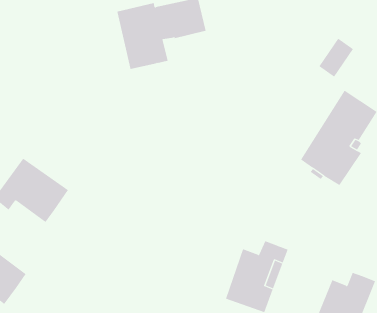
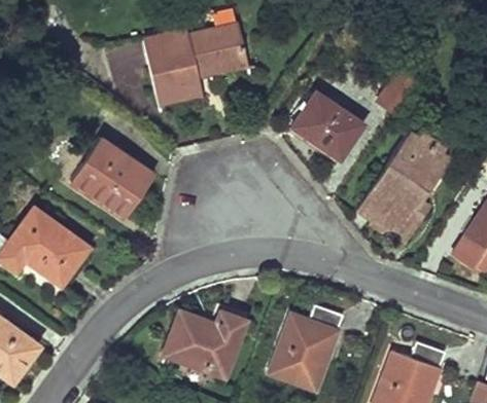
building: none -> [292,93,363,157]
building: none -> [70,139,153,218]
building: none -> [162,310,245,377]

